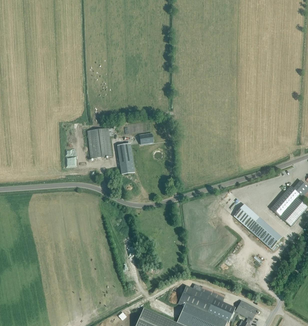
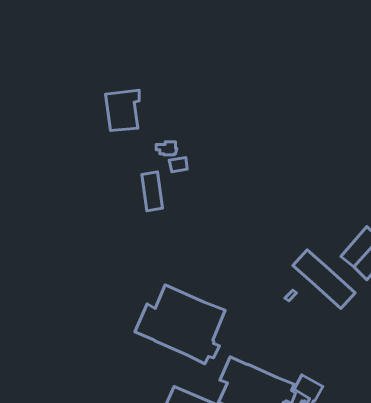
building: [87,127,113,158] -> [105,90,139,131]
building: none -> [135,285,225,364]

